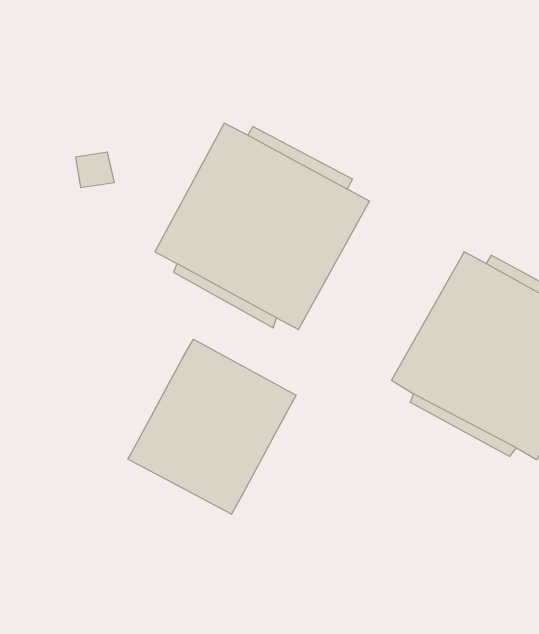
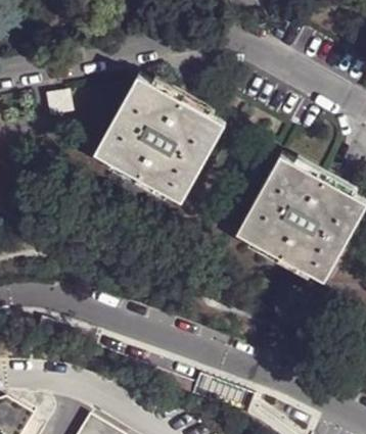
building: [128,339,296,514] -> none

